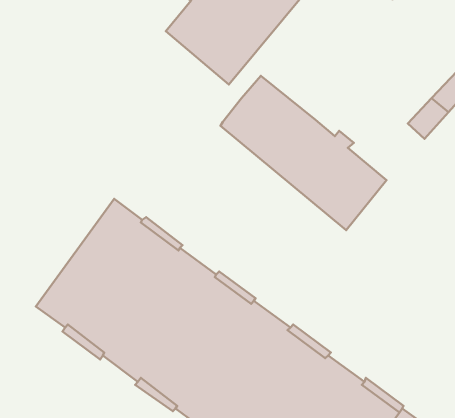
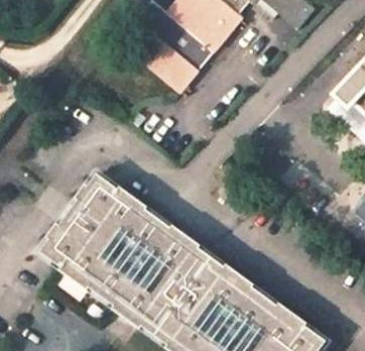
building: [220,76,386,230] -> none

